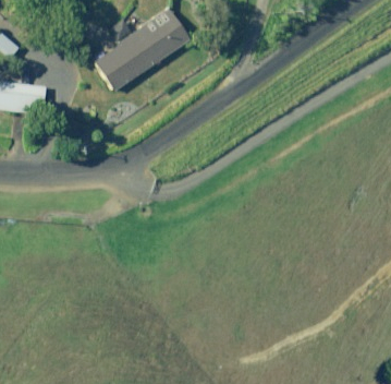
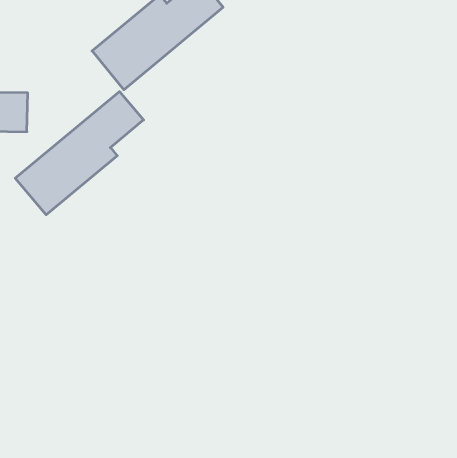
building: none -> [15,92,144,215]

